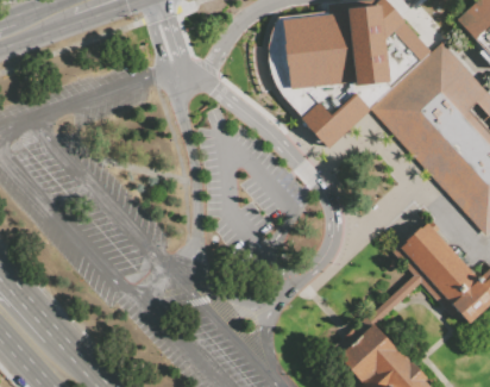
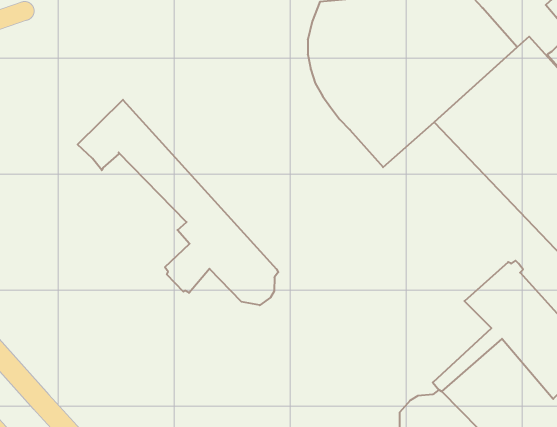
building: none -> [78,100,278,305]

